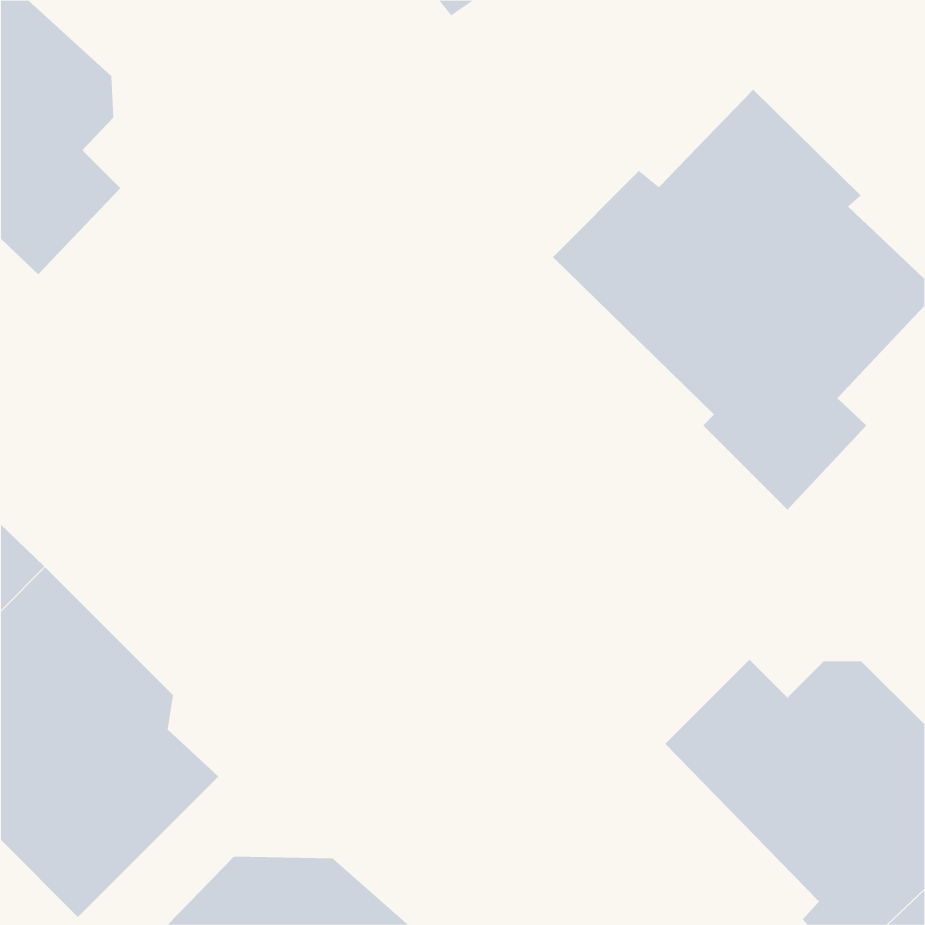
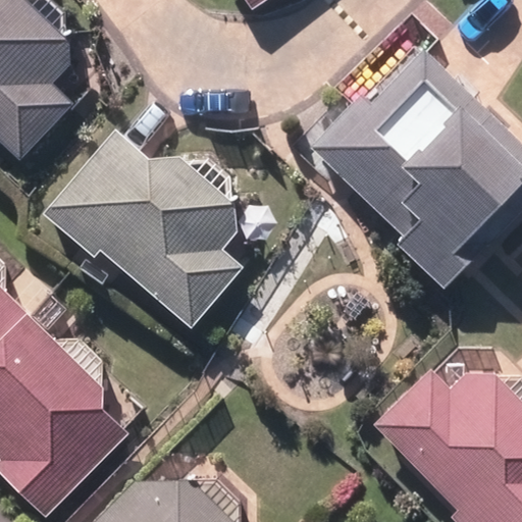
building: none -> [41,133,237,325]

